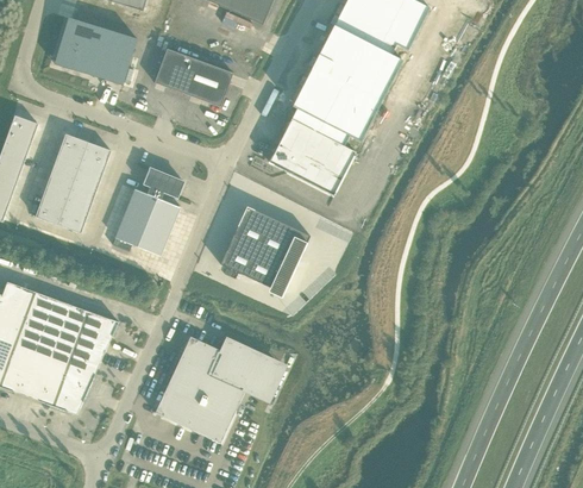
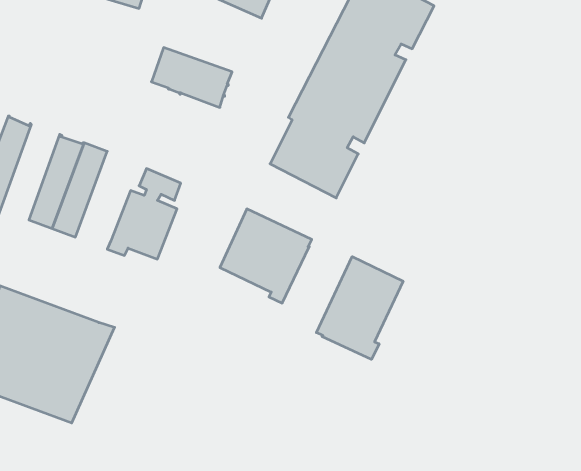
building: [54,18,137,85] -> none
building: none -> [316,257,403,359]
building: [155,336,277,443] -> none

